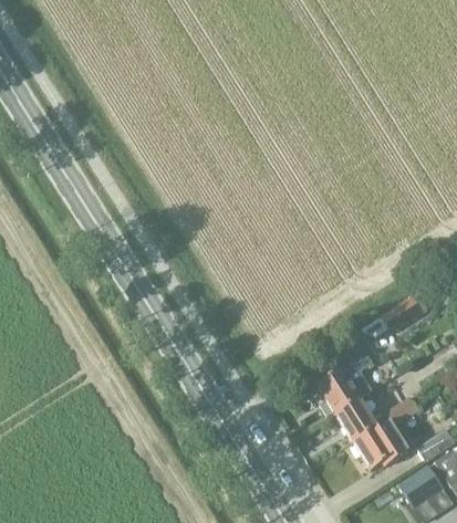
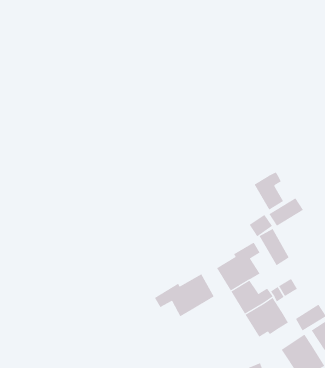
building: none -> [254,171,284,210]
building: none -> [259,228,289,266]
building: none -> [154,274,215,317]

